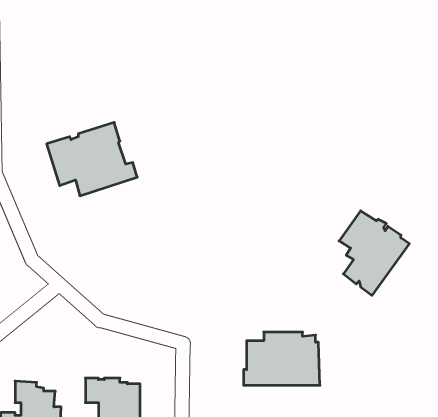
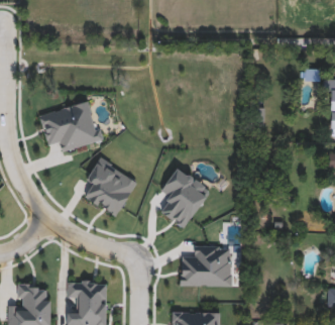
building: none -> [85,156,137,217]
building: [339,211,409,295] -> [160,169,210,228]

